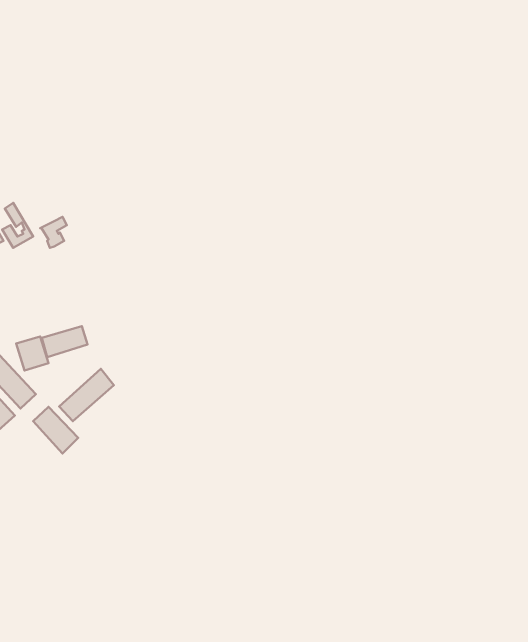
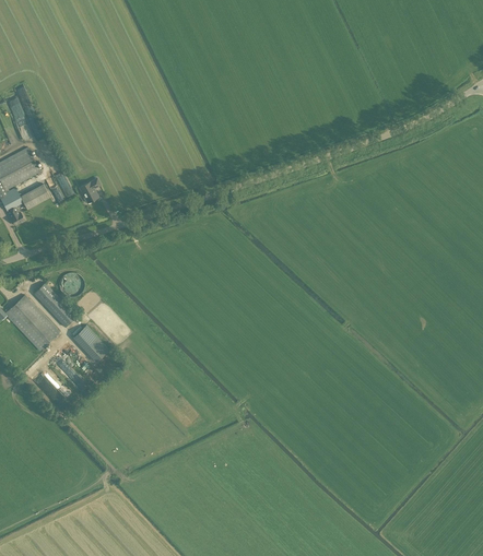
building: [42,326,88,357] -> none
building: [59,369,114,421] -> none

